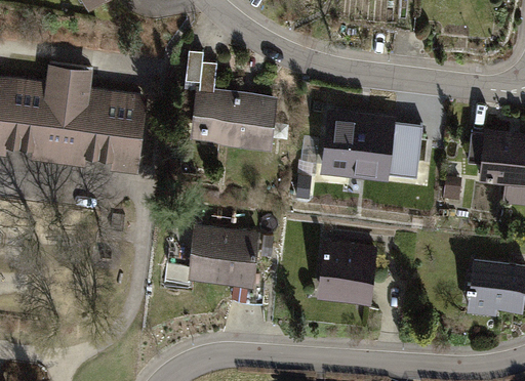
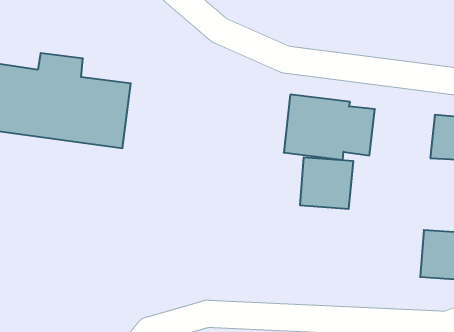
building: [187,52,279,144] -> none
building: [190,224,262,283] -> none
building: [319,246,378,303] -> [300,157,353,209]

